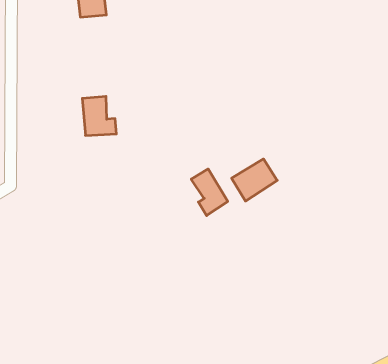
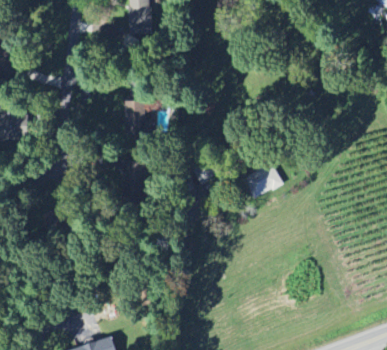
building: [191,169,228,216] -> none

